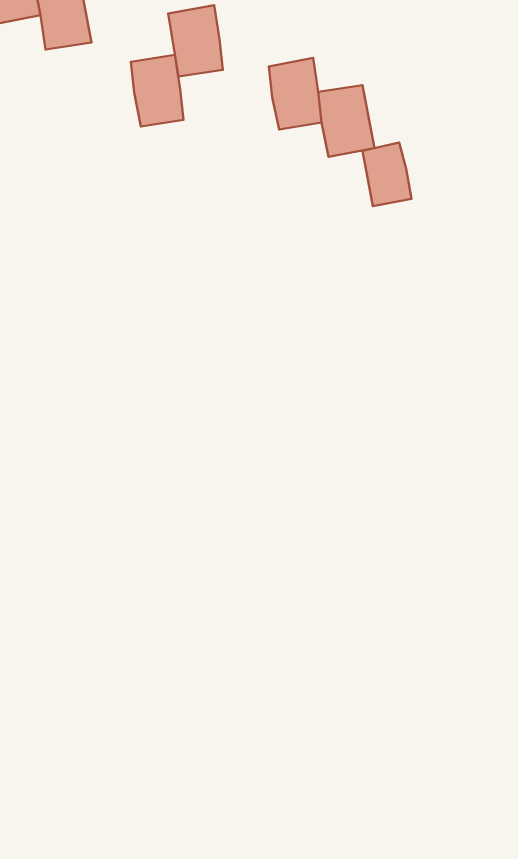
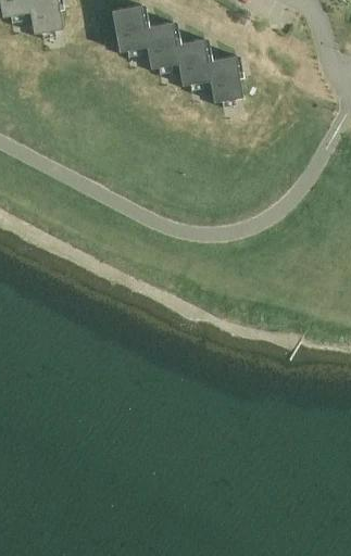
building: [131,55,184,127] -> [145,22,178,67]
building: [362,143,411,206] -> none

